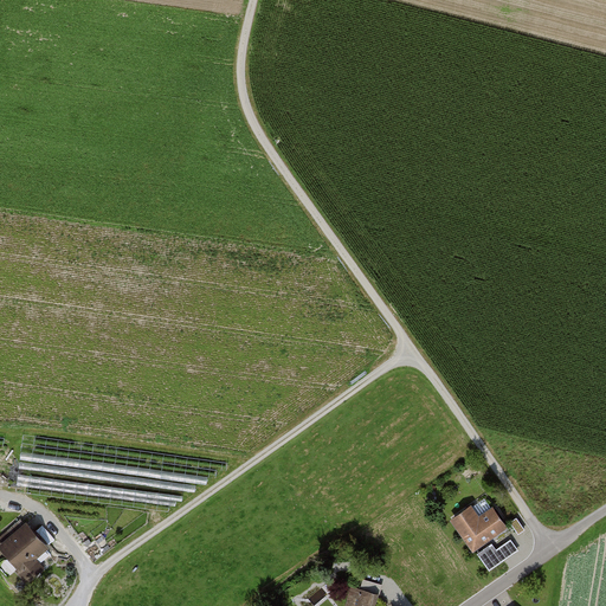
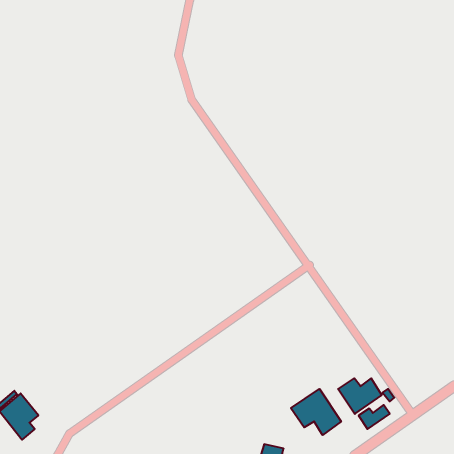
building: none -> [291,389,341,435]

